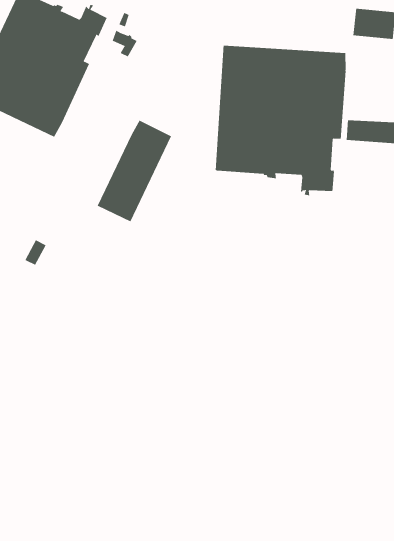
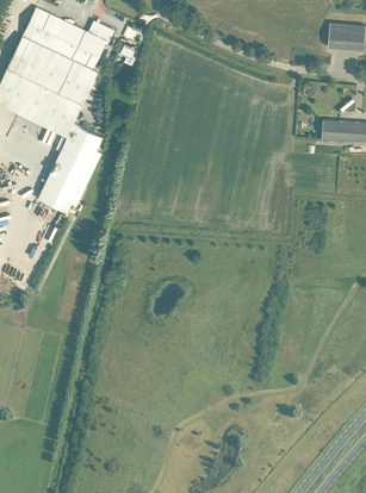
building: [215,45,346,196] -> none
building: [97,120,172,222] -> [37,124,103,213]

